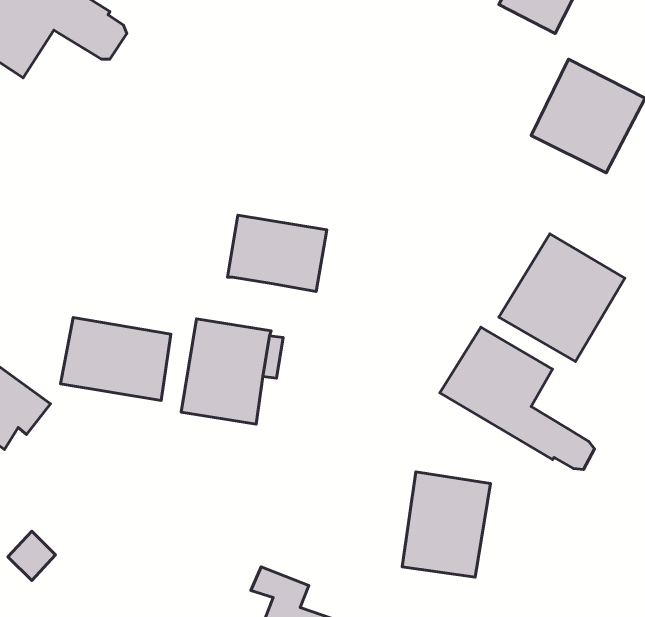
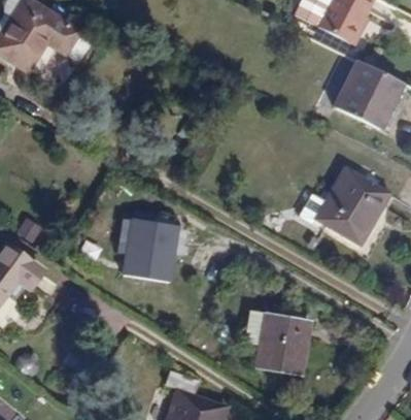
building: [227,215,327,292] -> none
building: [60,318,171,400] -> none
building: [440,327,594,469] -> none

